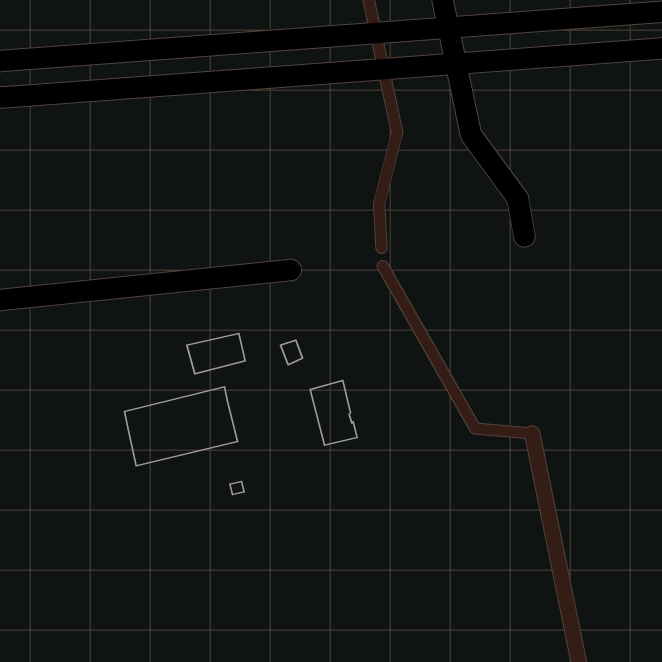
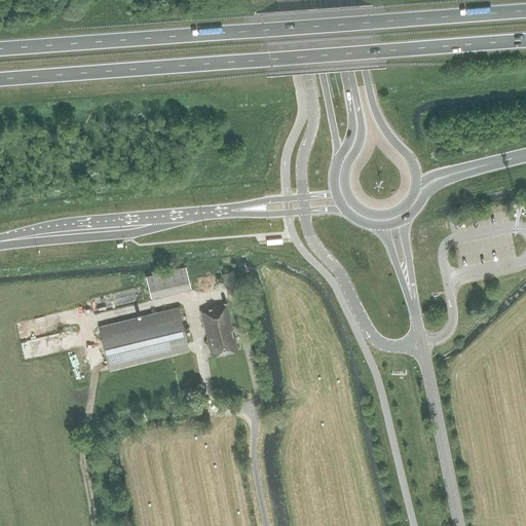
building: [310,380,357,445] -> [200,303,237,354]

